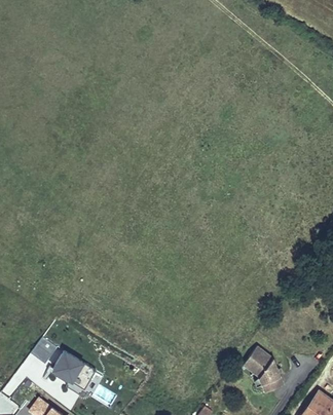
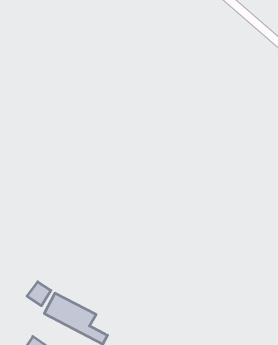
building: [247,346,281,392] -> none

